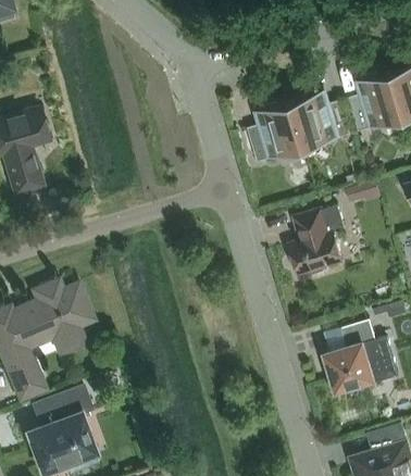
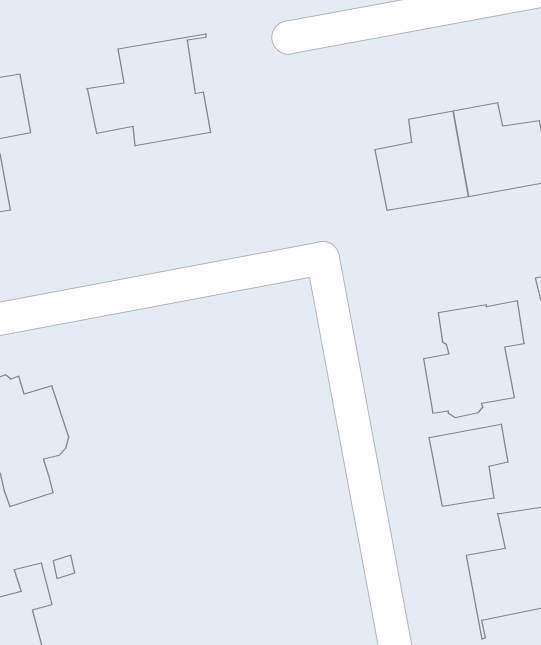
building: none -> [87,34,211,146]
building: none -> [429,424,508,506]

